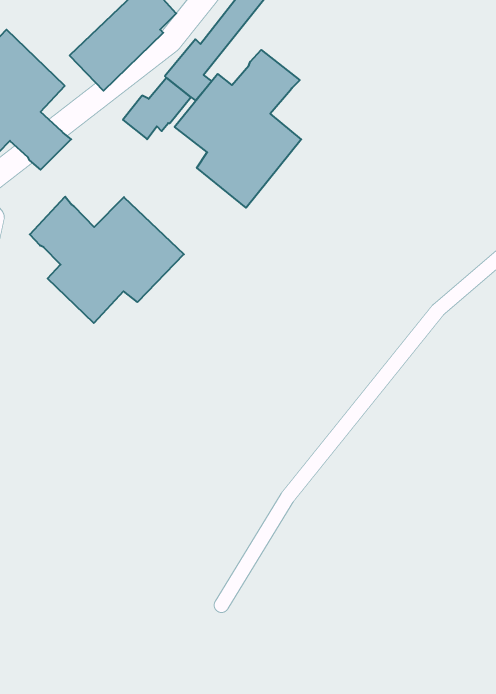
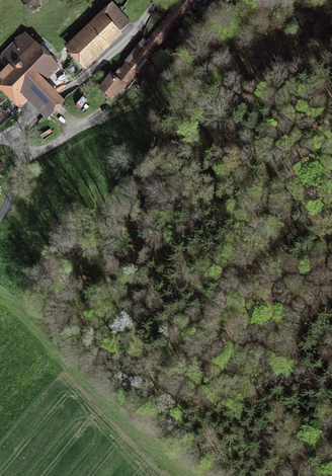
building: [175,50,301,208] -> none
building: [30,197,184,323] -> none

